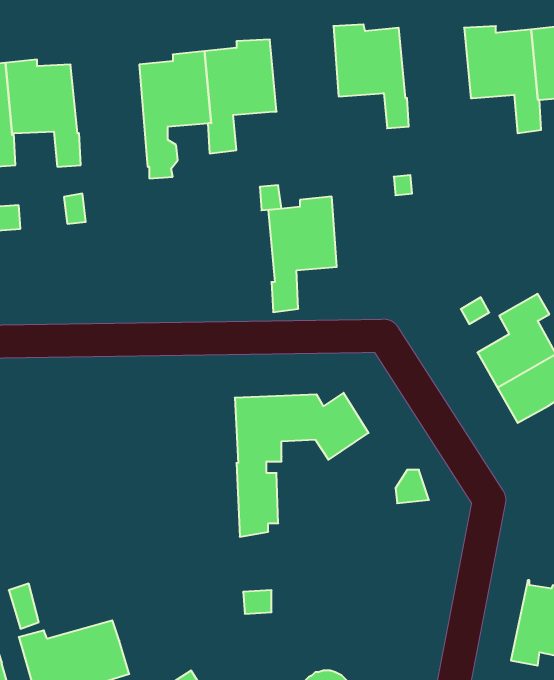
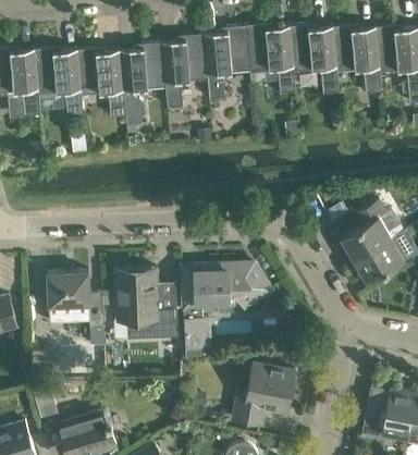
building: none -> [288,25,337,95]
building: none -> [75,49,125,119]
building: [268,197,337,312] -> [205,26,249,101]
building: none -> [114,269,177,339]
building: none -> [47,272,103,331]
building: none -> [231,364,294,427]

